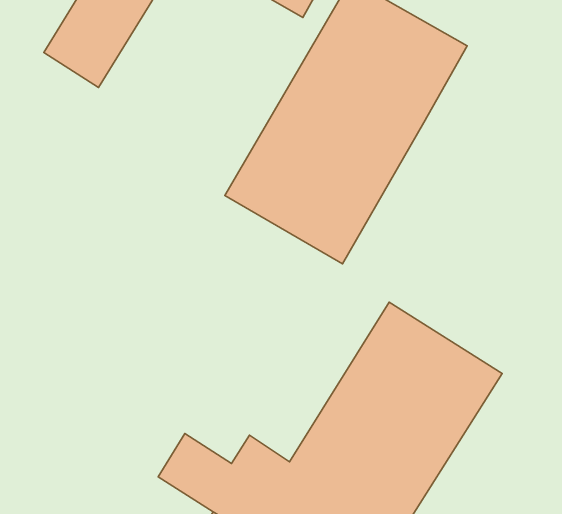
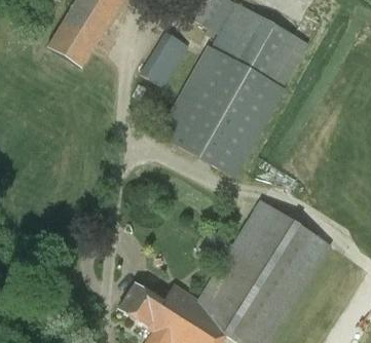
building: none -> [140,26,187,86]

